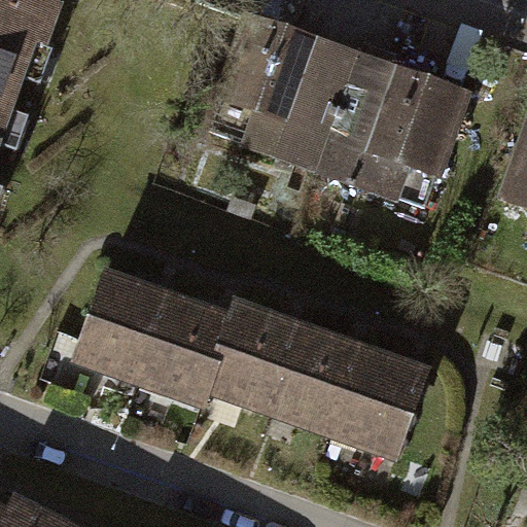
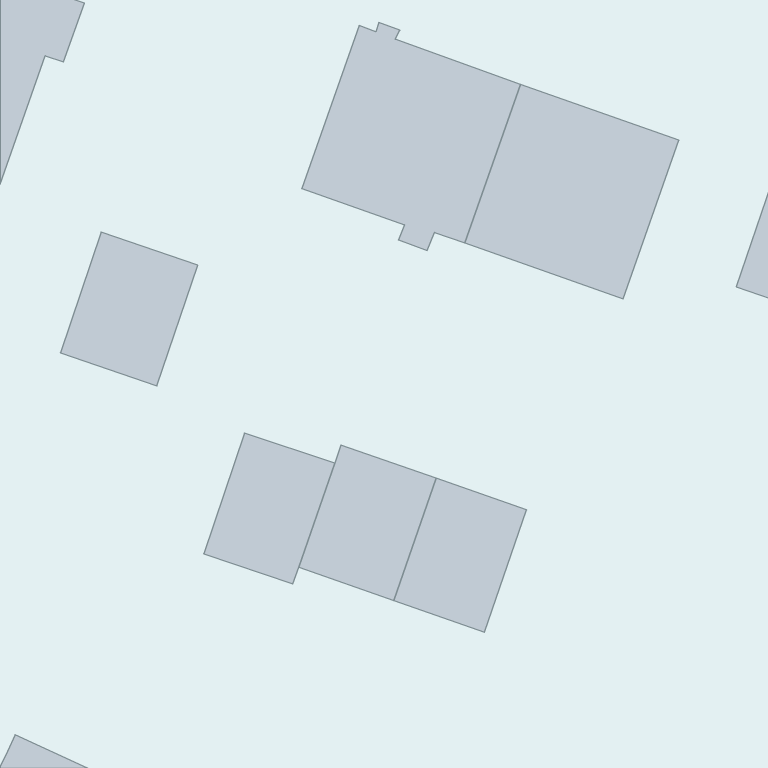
building: [75,273,169,378] -> [60,232,198,386]
building: [332,348,425,453] -> none

